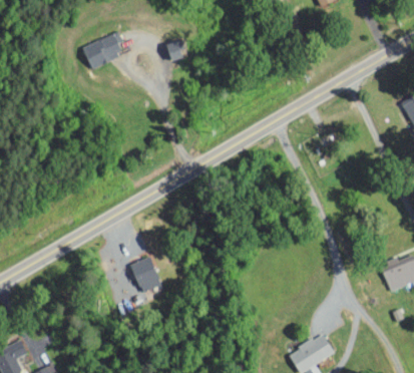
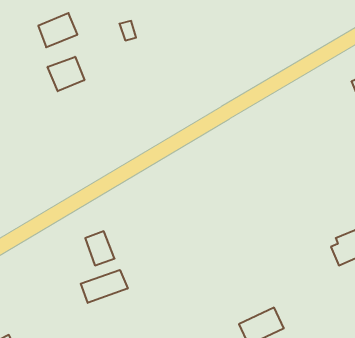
building: none -> [48,57,84,91]
building: none -> [81,270,128,303]

